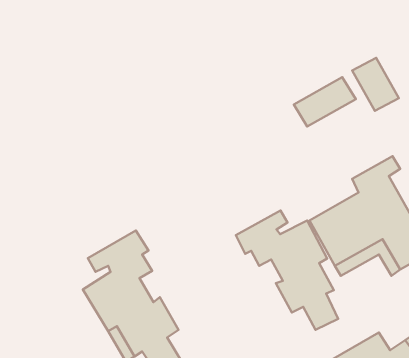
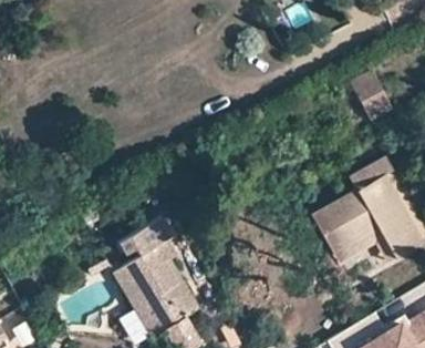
building: [294,77,356,126] -> none
building: [236,211,338,330] -> none

